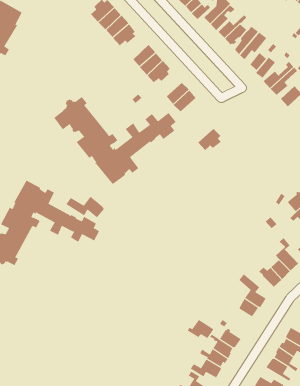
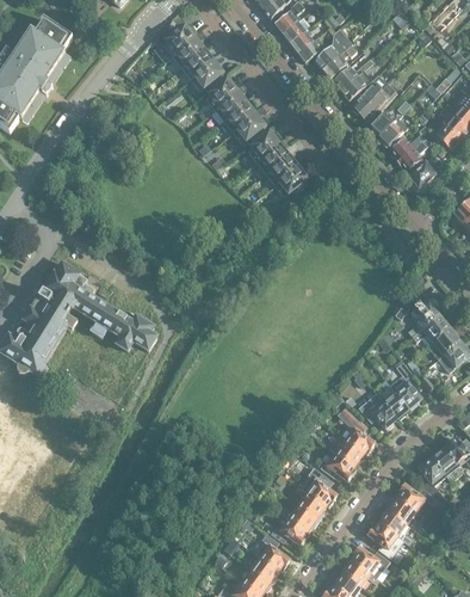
building: none -> [205,78,237,109]
building: none -> [247,131,279,161]
building: [54,96,176,185] -> none
building: [197,128,221,151] -> [274,166,307,196]
building: [66,196,105,218] -> none
building: [187,319,214,339] -> [319,453,355,480]

